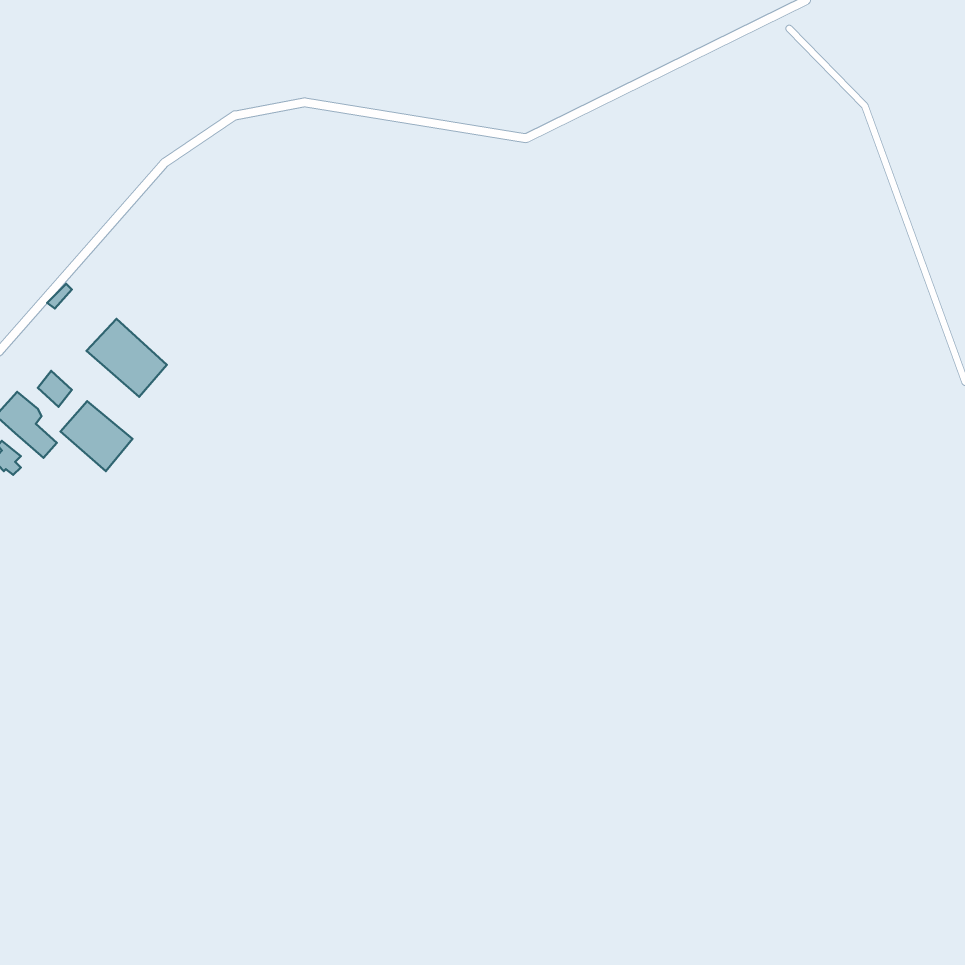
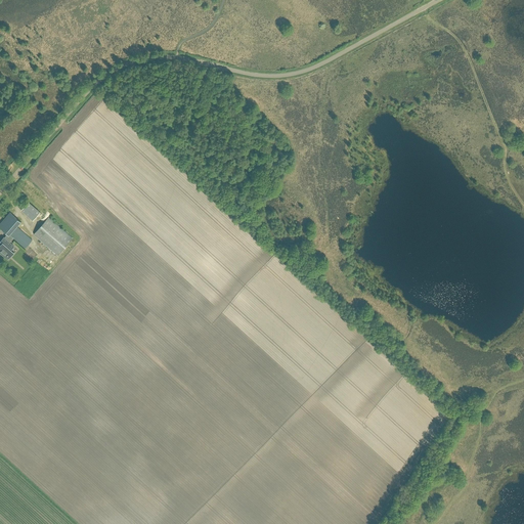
building: [87,319,167,397] -> none

